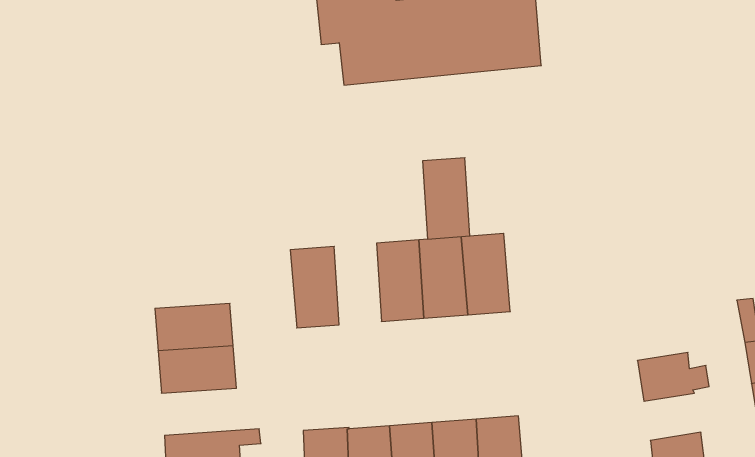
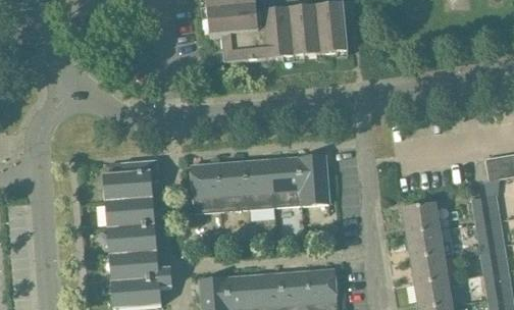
building: [423,158,470,239] -> [218,161,248,212]
building: none -> [104,158,159,202]
building: none -> [404,204,440,235]
building: none -> [110,252,171,281]
building: none -> [412,255,448,285]

